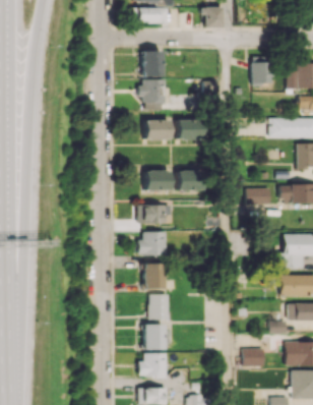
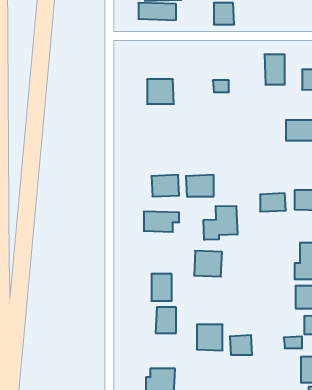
building: [142,51,163,76] -> none
building: [144,120,170,139] -> none
building: [177,120,202,140] -> none
building: none -> [203,206,237,240]
building: [139,231,166,255] -> [194,251,222,277]
building: [143,326,168,350] -> [197,325,223,350]
building: [243,348,264,366] -> [230,335,252,355]

